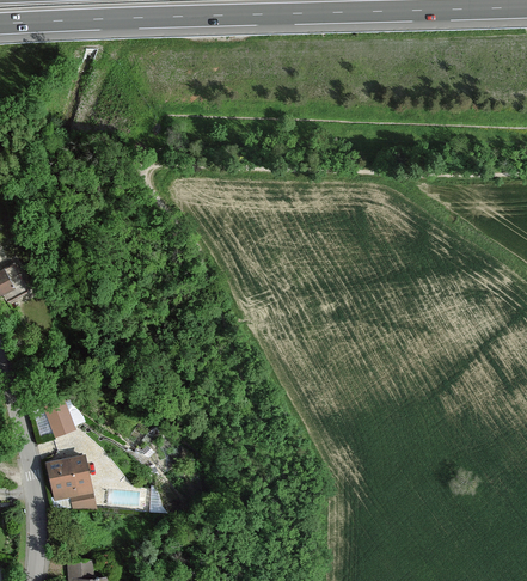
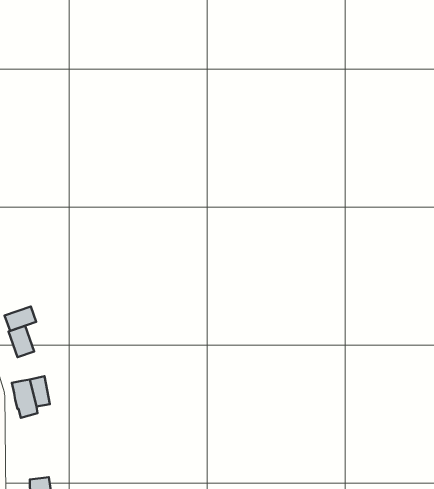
building: none -> [5,307,36,331]
building: [57,484,93,507] -> none

